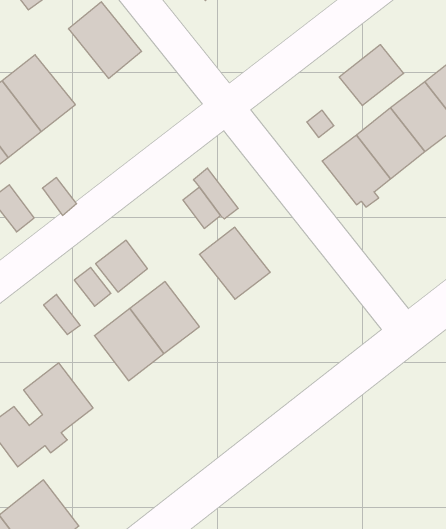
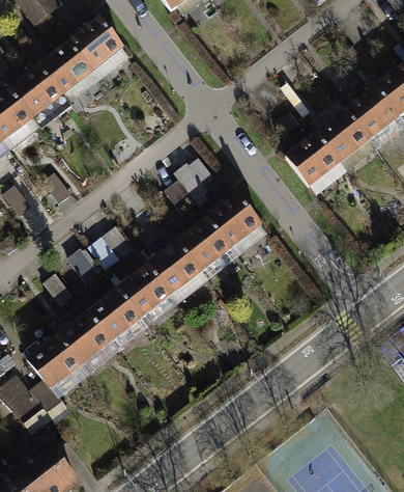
building: none -> [32,34,96,101]
building: [339,45,404,106] -> none
building: none -> [207,185,268,248]
building: none -> [146,233,207,296]
building: none -> [53,304,114,367]

